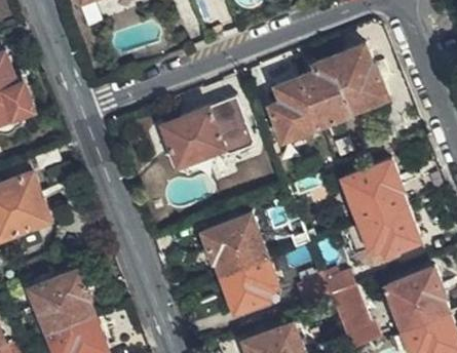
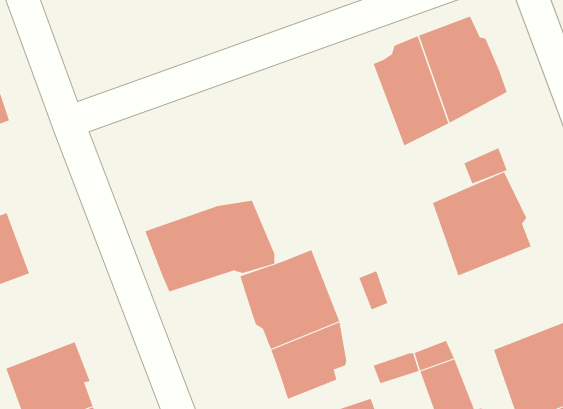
building: [266,77,318,147] -> none
building: [157,102,252,168] -> [145,200,275,292]
building: [357,209,419,253] -> none

